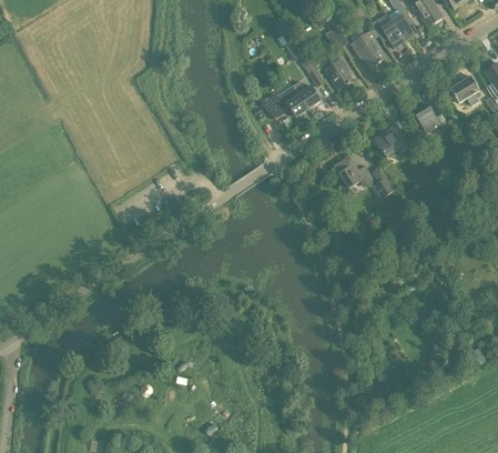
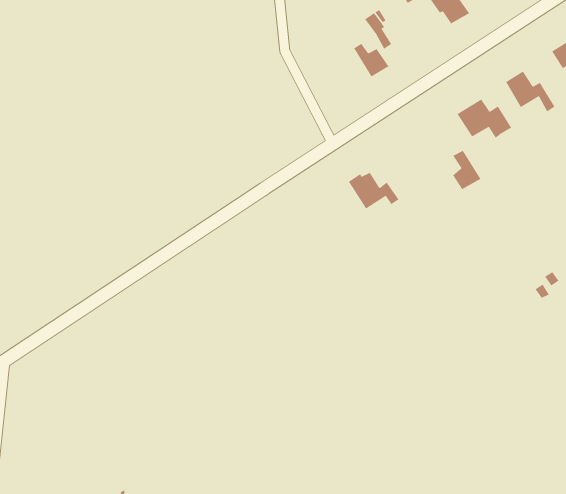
building: [325,58,354,89] -> none
building: [271,81,307,117] -> none
building: [334,158,375,188] -> [348,172,399,209]

